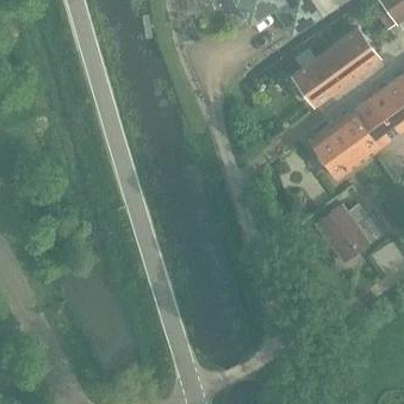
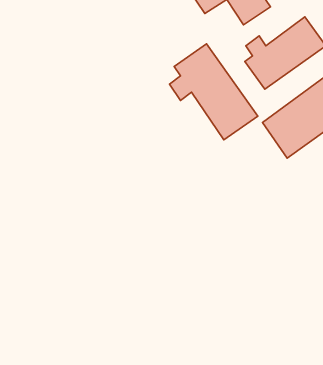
building: none -> [169,44,258,140]
building: [316,204,371,261] -> none

